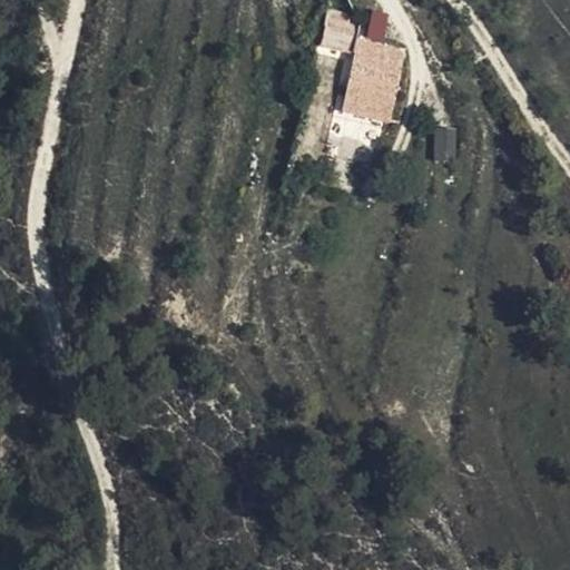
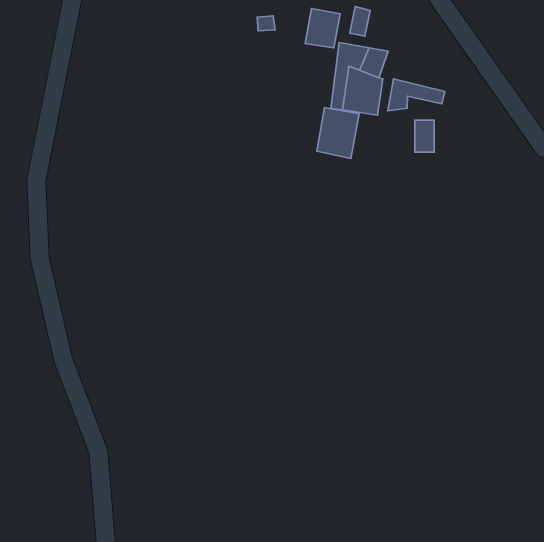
building: none -> [388,79,445,111]
building: none -> [317,108,359,158]

